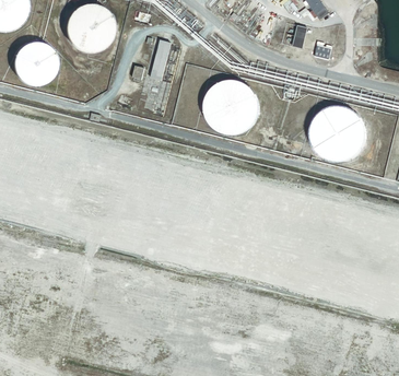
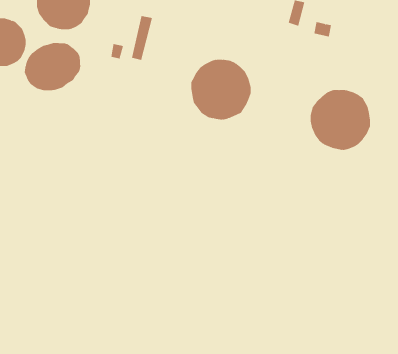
building: none -> [24,42,81,91]

